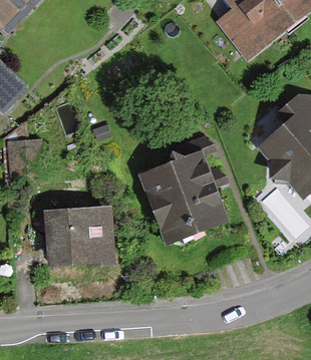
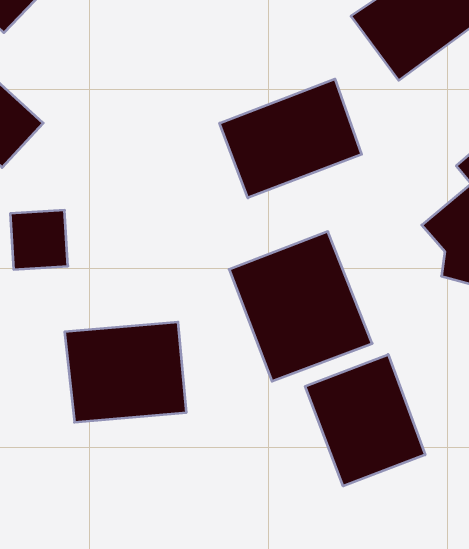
building: none -> [220,79,362,198]
building: none -> [305,354,425,486]

